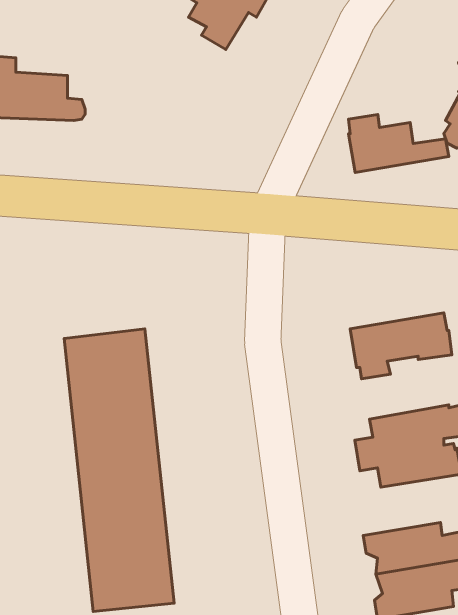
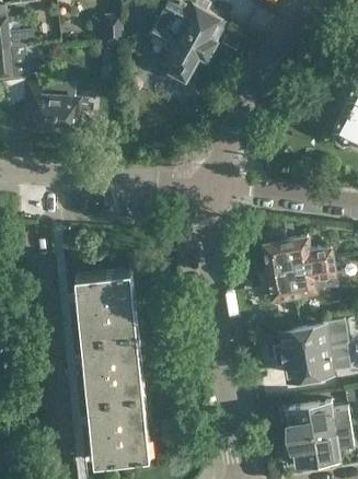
building: [349,114,449,173] -> [264,232,332,271]

